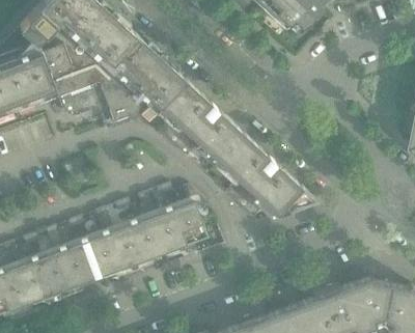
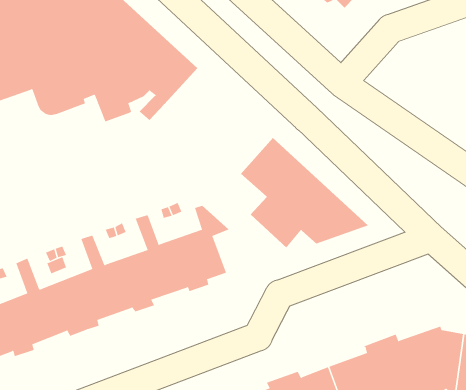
building: [158,80,242,161] -> none

